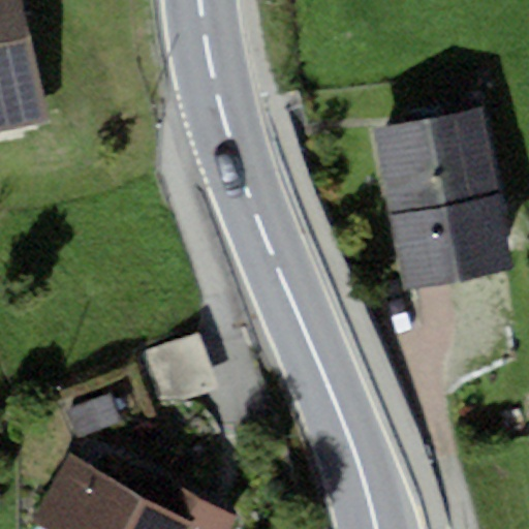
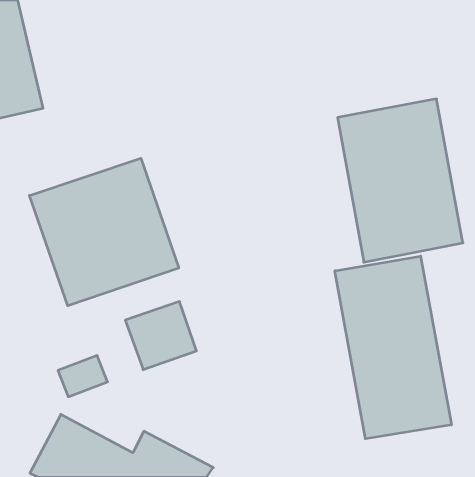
building: none -> [29,158,179,306]
building: none -> [335,256,451,439]

